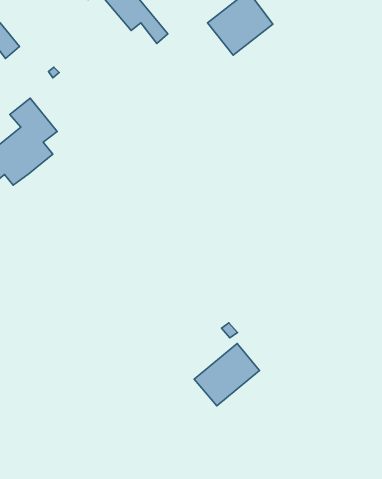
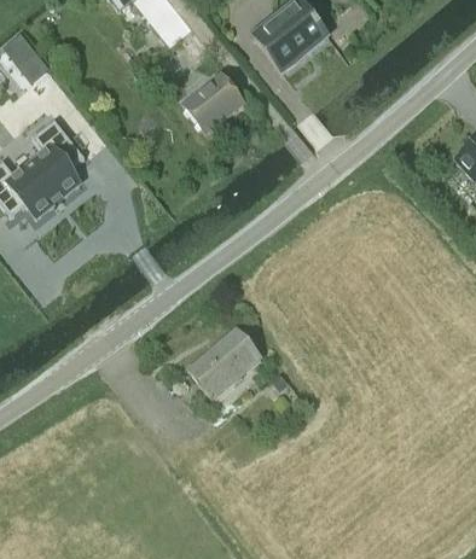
building: none -> [182,72,244,130]
building: [194,344,260,406] -> [187,327,261,397]

